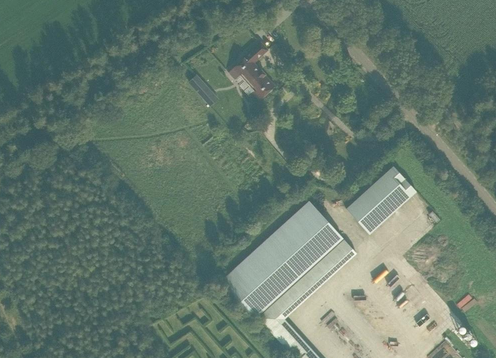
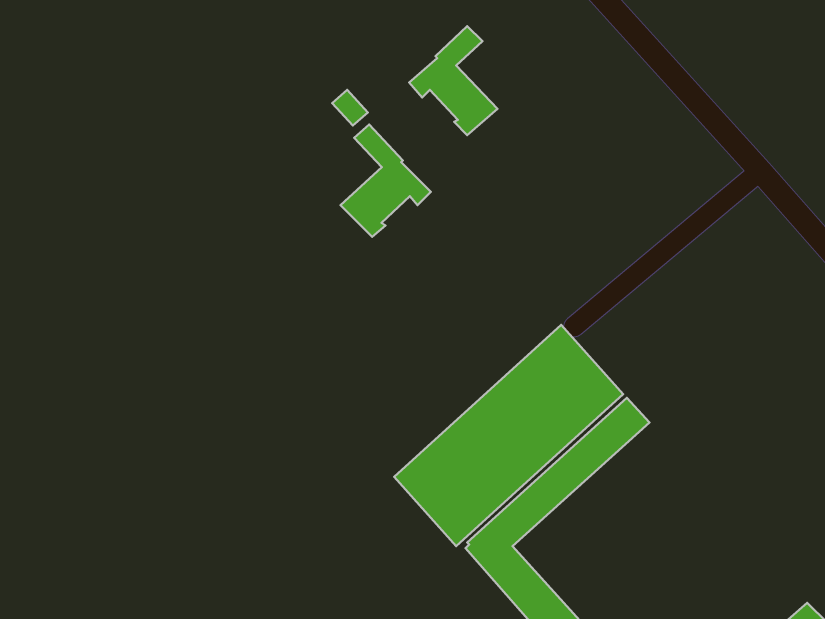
building: none -> [341,125,431,237]
building: [350,166,419,231] -> none

